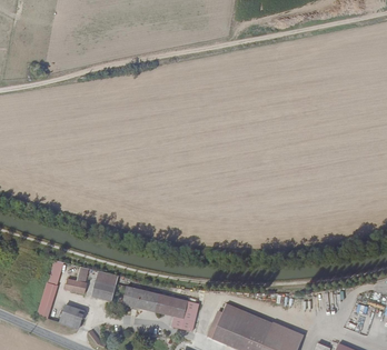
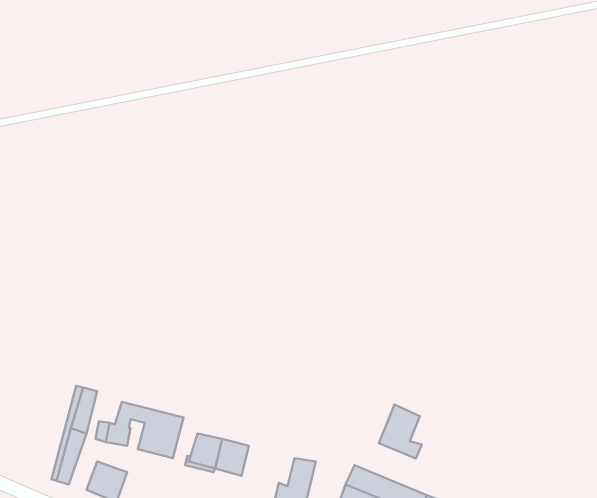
building: none -> [379,404,422,458]
building: [157,292,190,318] -> none

